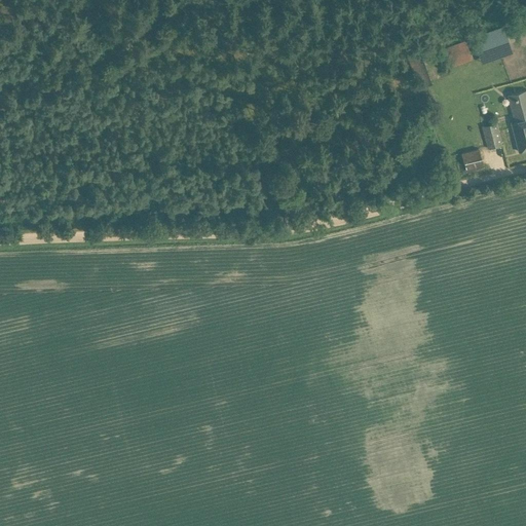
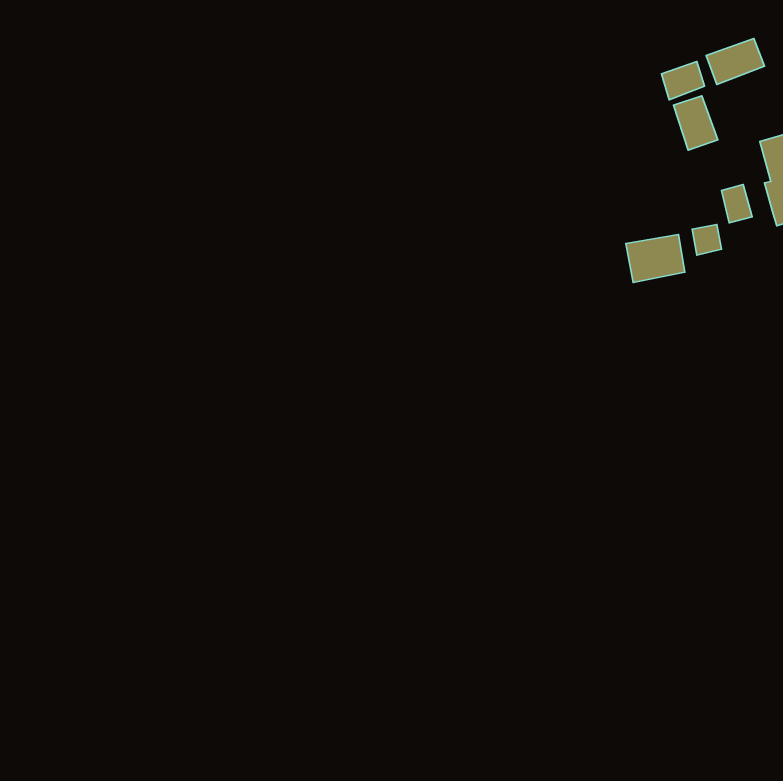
building: none -> [673,96,718,150]
building: none -> [626,235,685,283]

